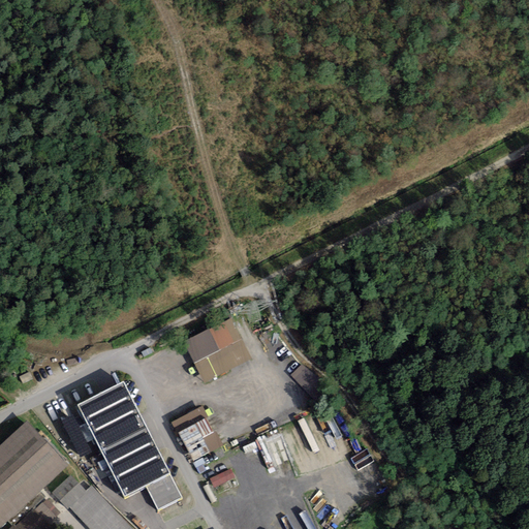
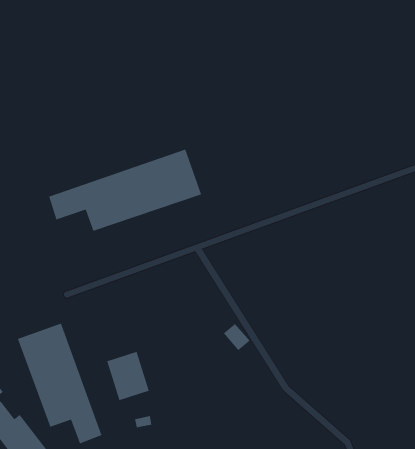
building: none -> [48,149,202,232]
building: [183,318,250,381] -> none

